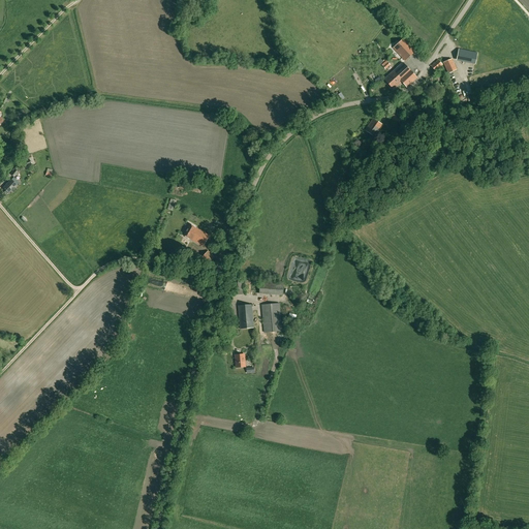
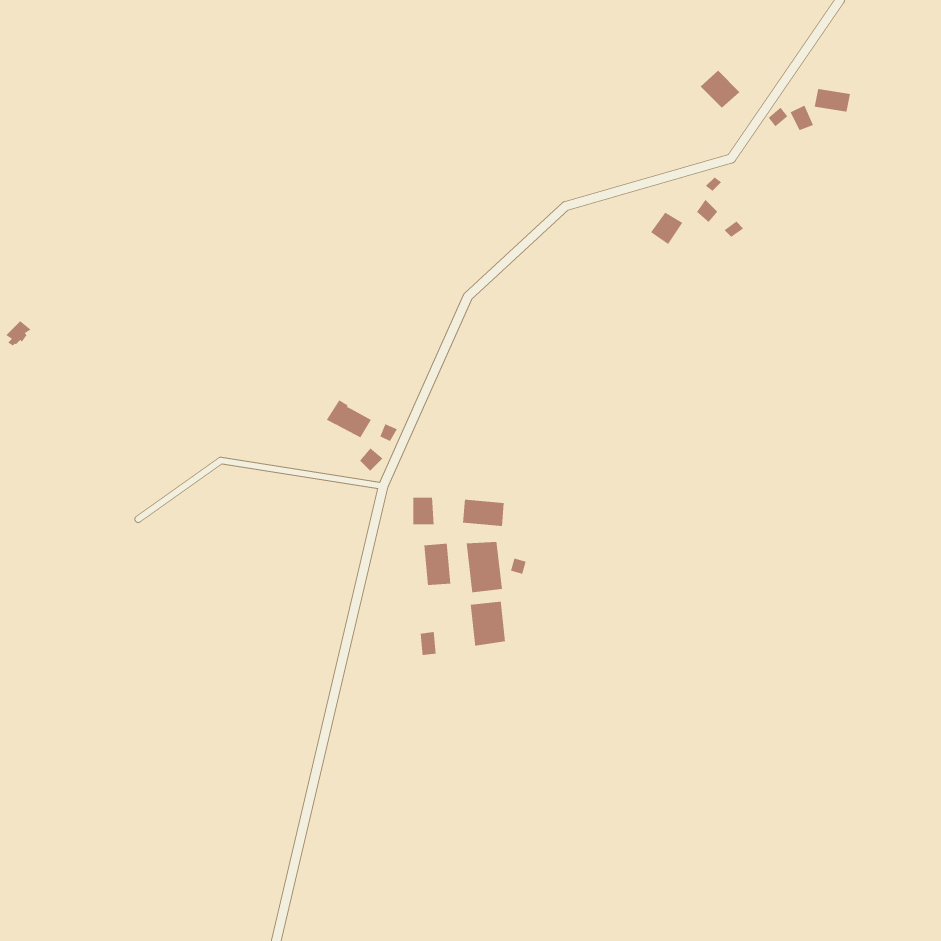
building: [384,63,416,89] -> none
building: none -> [470,601,505,647]

